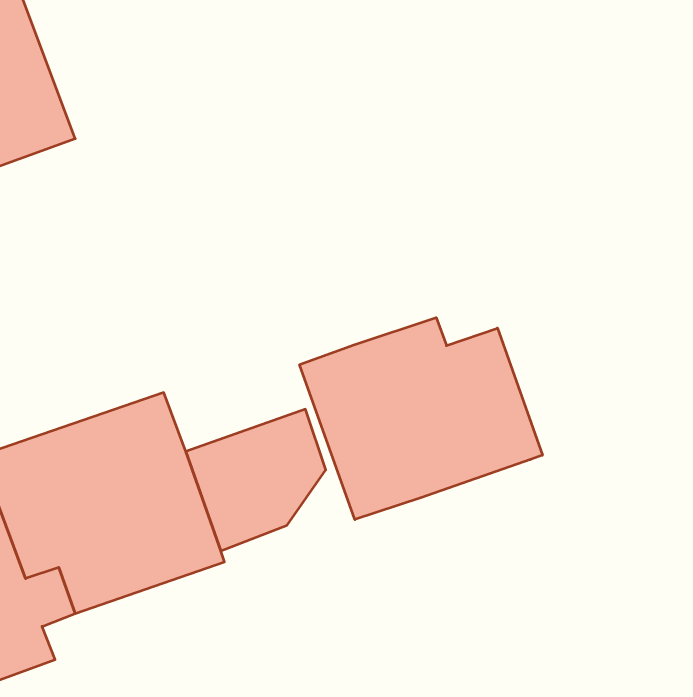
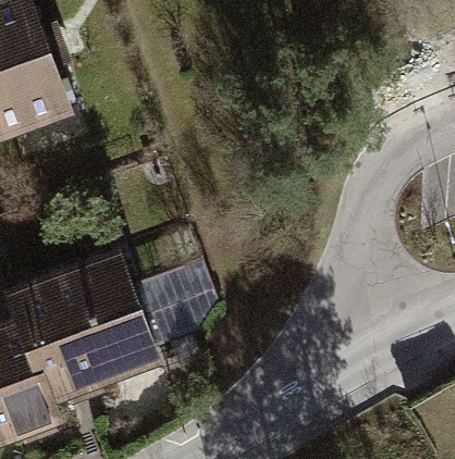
building: [300,318,542,520] -> none

